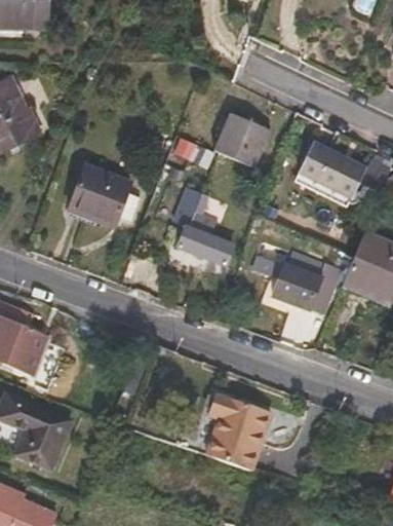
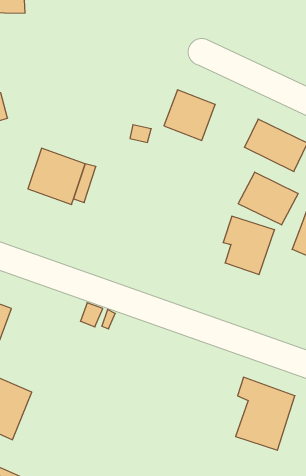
building: [174,192,231,264] -> none
building: none -> [238,172,298,225]
building: [210,394,273,472] -> [236,377,295,450]

